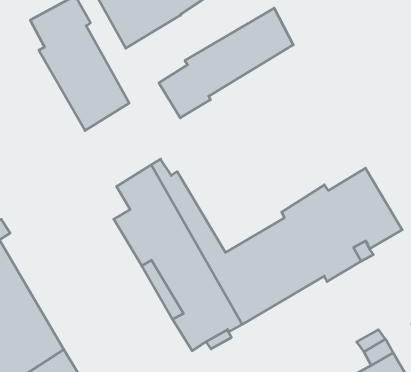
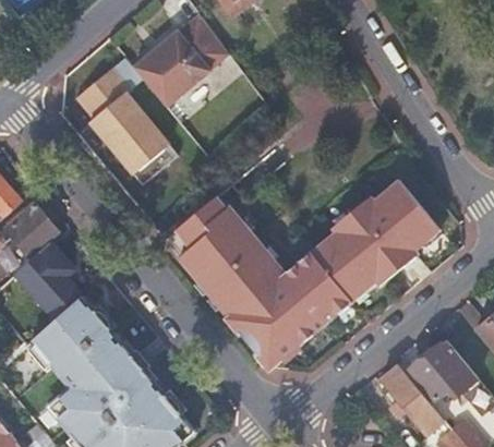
building: [159,8,293,118] -> none

